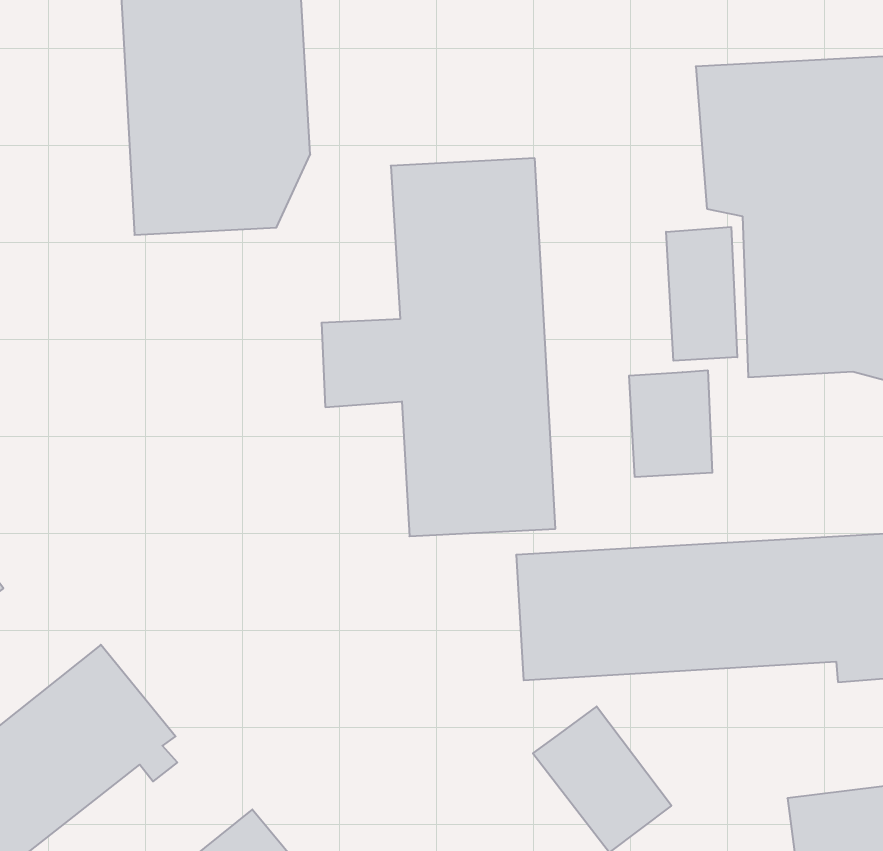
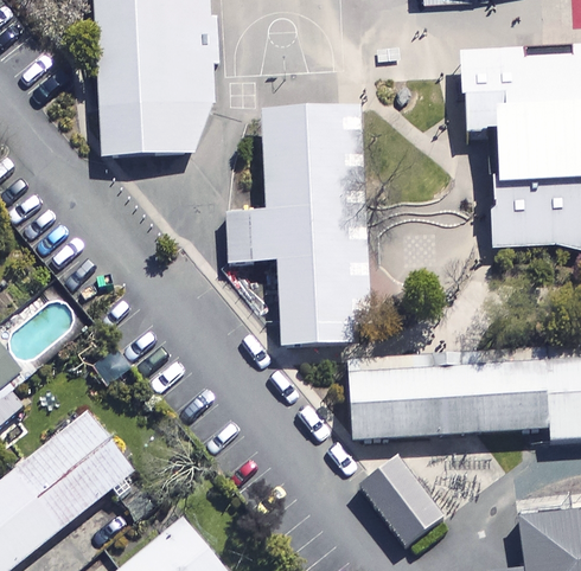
building: [666,227,737,361] -> none
building: [629,370,712,477] -> none

